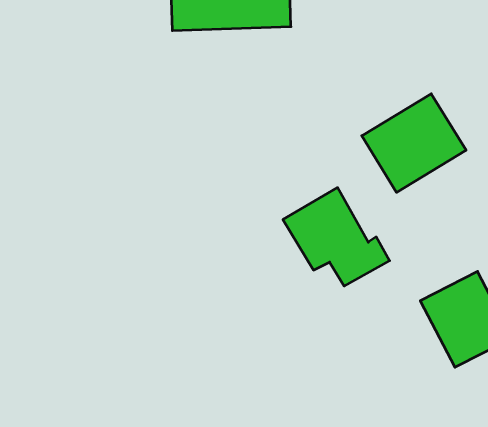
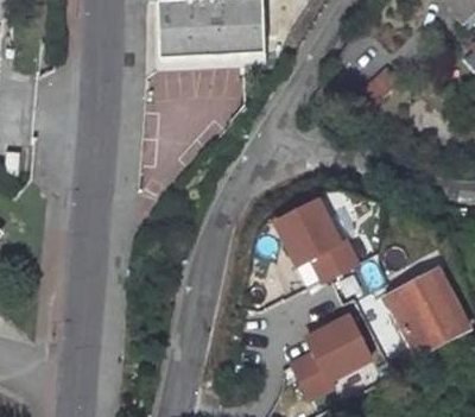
building: [362,94,466,192] -> none
building: none -> [284,314,369,399]

